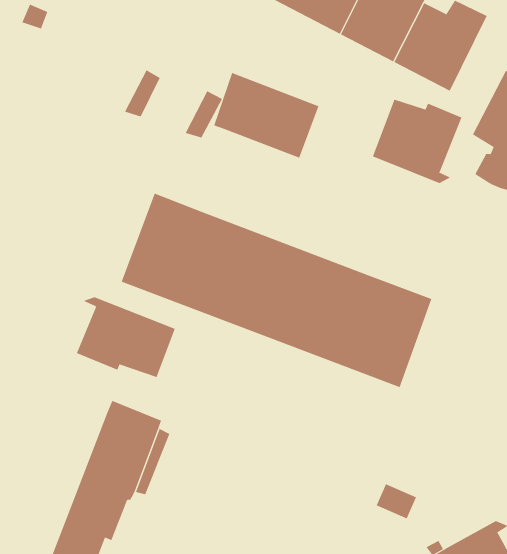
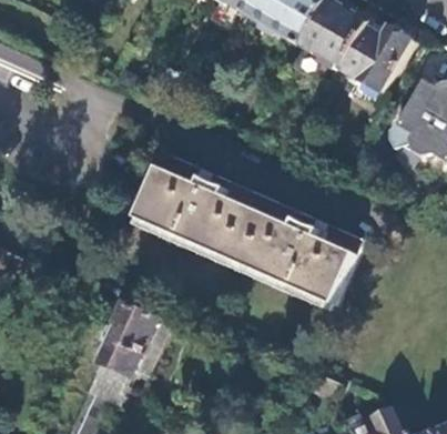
building: [214,72,319,158] -> none
building: [372,99,462,184] -> none
building: [76,296,176,378] -> none

